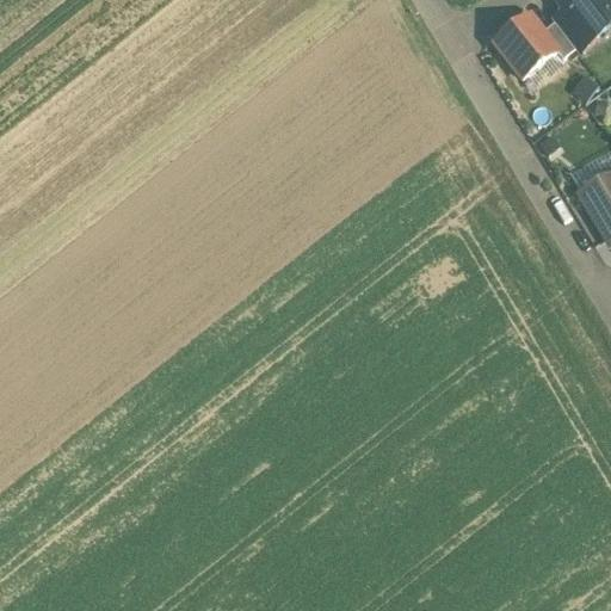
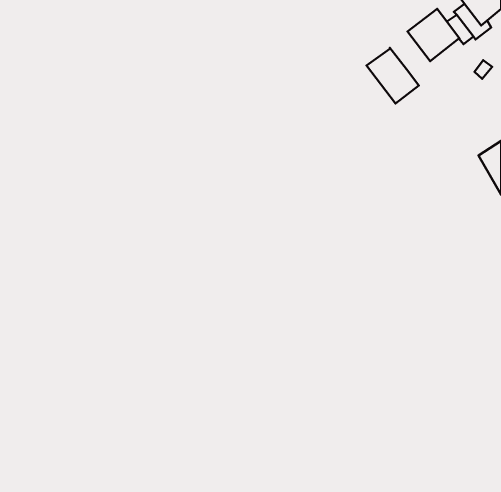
building: none -> [367,48,419,103]

